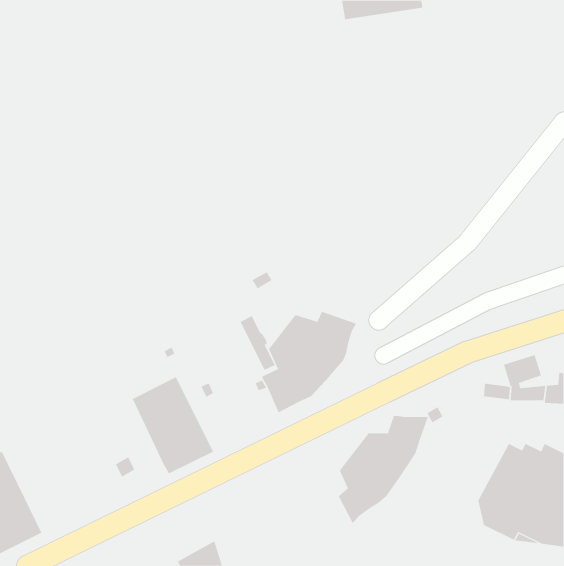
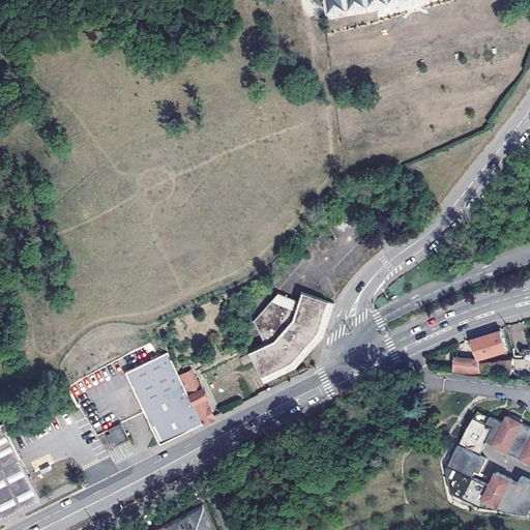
building: [240,315,275,371] -> [177,371,210,422]
building: [338,415,428,524] -> none

